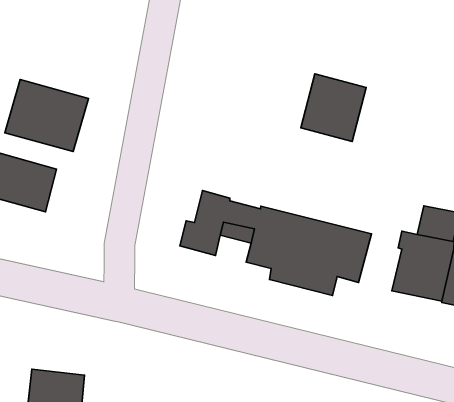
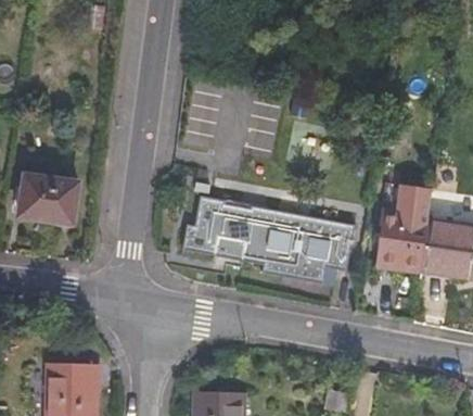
building: [301,74,366,142] -> none
building: [5,80,88,152] -> none

